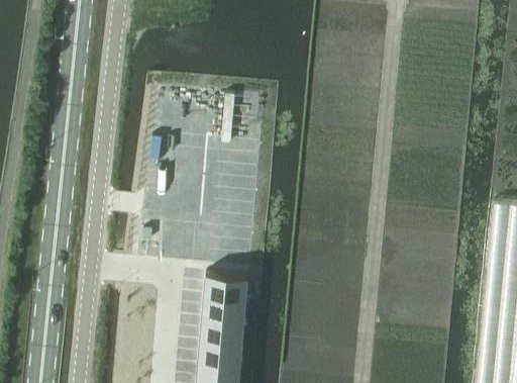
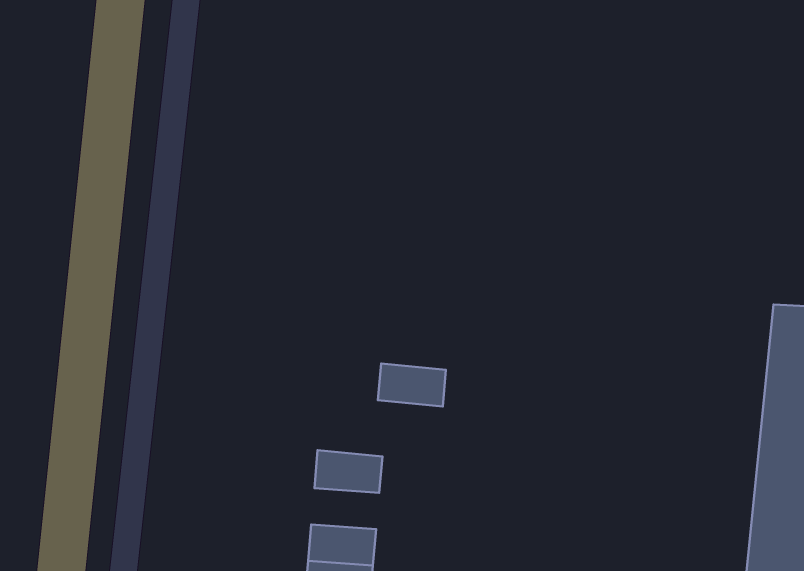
building: [205,281,248,308] -> [378,364,446,406]
building: [201,328,244,355] -> none

